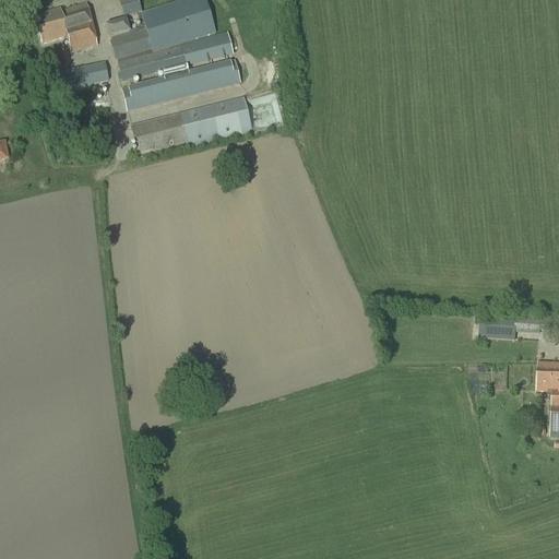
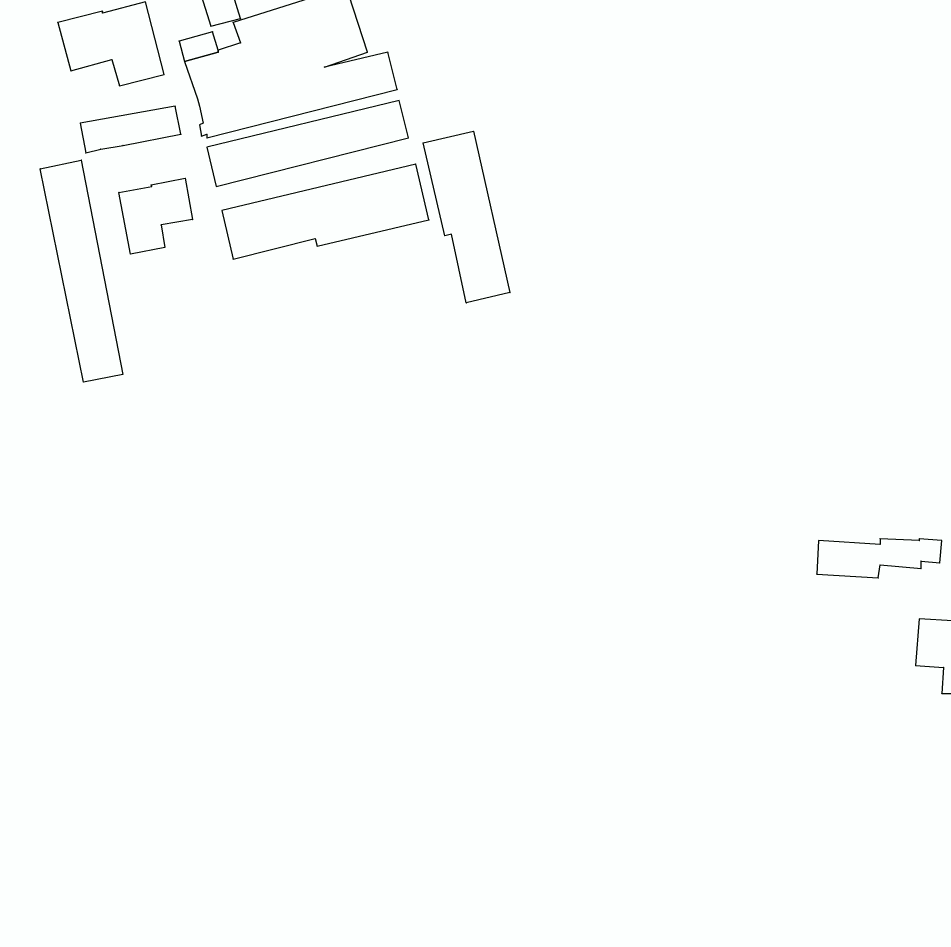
building: none -> [423,131,510,303]
building: none -> [40,160,123,382]
building: none -> [119,178,193,254]

